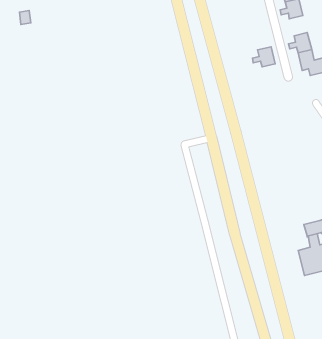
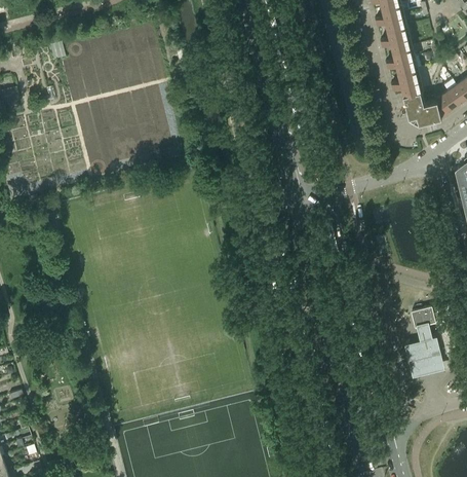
building: [253,47,275,67] -> [387,48,416,74]

